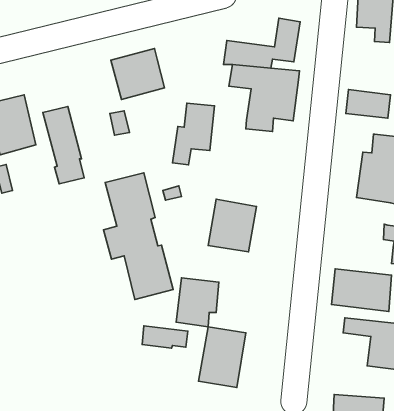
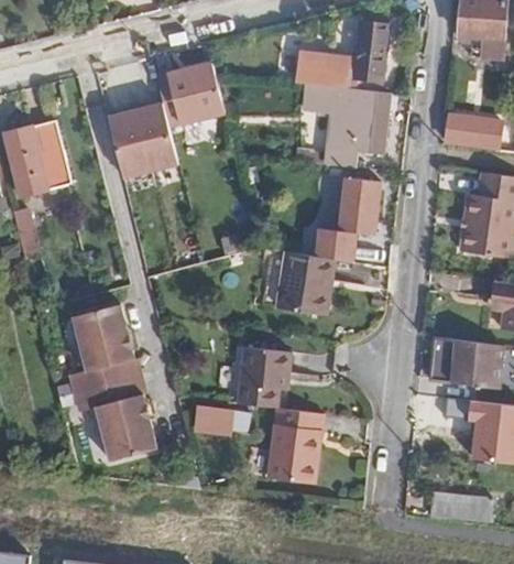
building: [172,103,214,165] -> [328,176,380,252]
building: [43,106,84,184] -> [105,82,155,177]
building: [103,173,173,299] -> [69,305,155,462]

